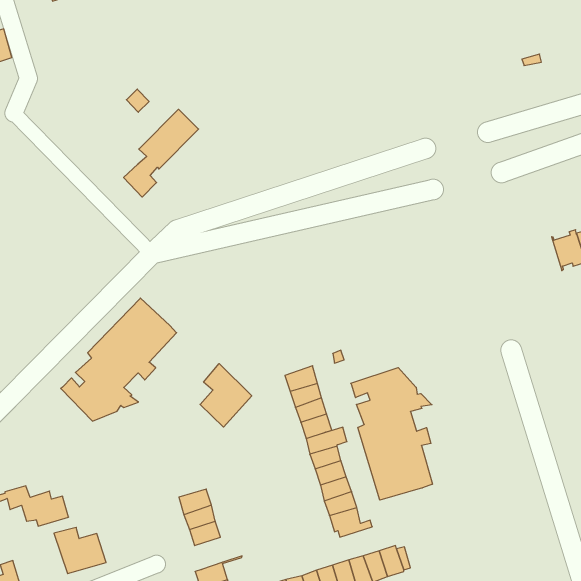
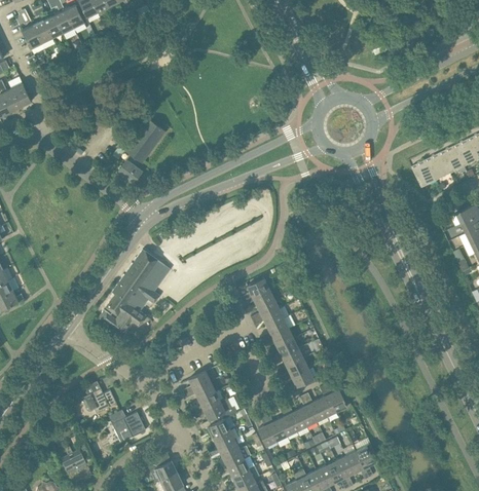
building: [200,364,252,427] -> none
building: [351,368,432,500] -> none
building: none -> [204,398,236,425]

